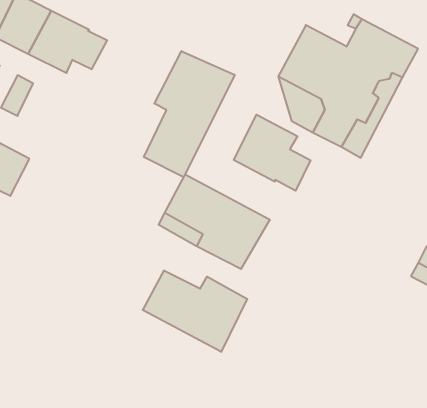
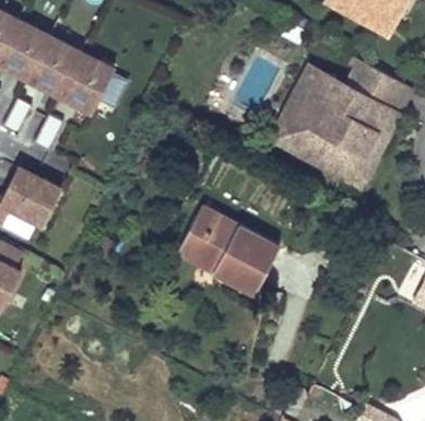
building: [144,51,235,177] -> none
building: [234,115,310,191] -> none
building: [143,270,247,352] -> none

